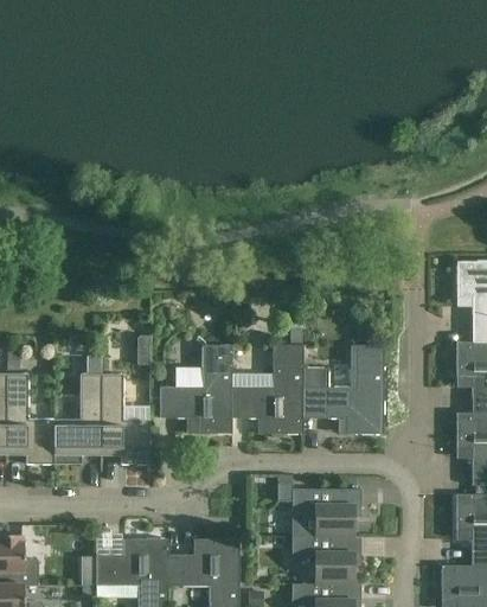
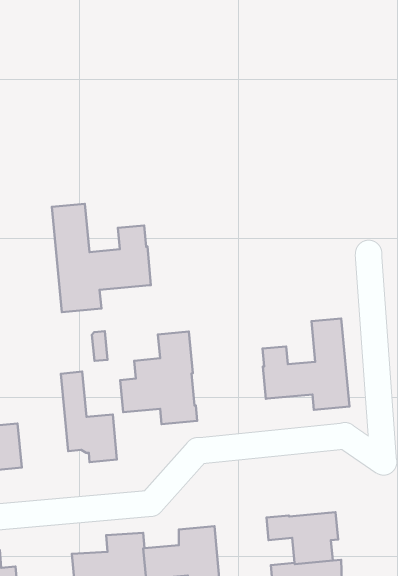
building: none -> [52,204,151,312]
building: [230,345,302,434] -> none
building: [53,375,101,464] -> none
building: [275,483,360,537] -> none

